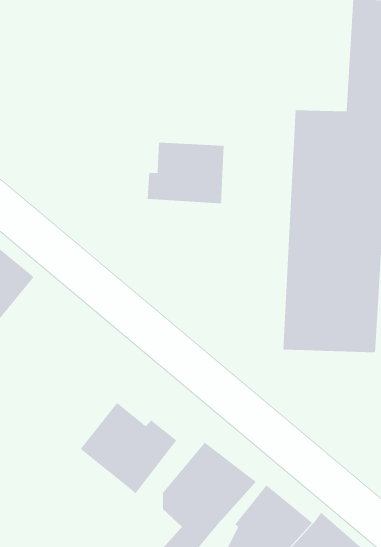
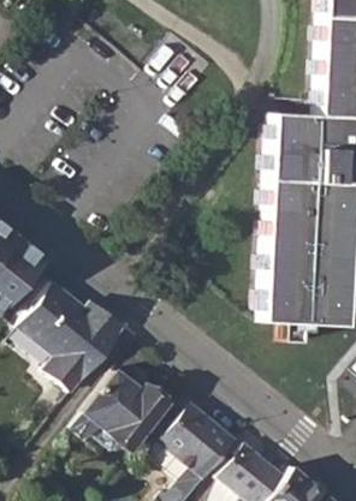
building: [147,142,224,204] -> none
building: none -> [20,282,127,392]

